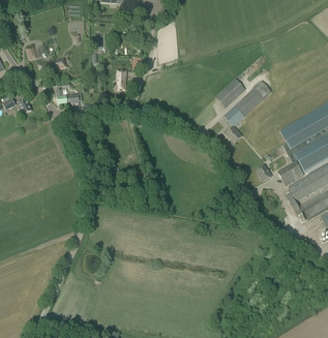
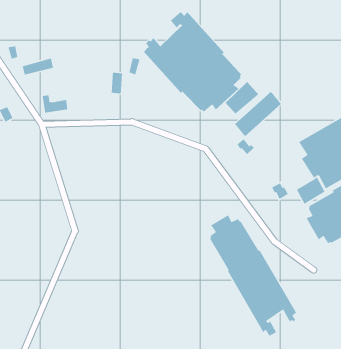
building: none -> [143,11,243,112]
building: none -> [209,214,297,337]

